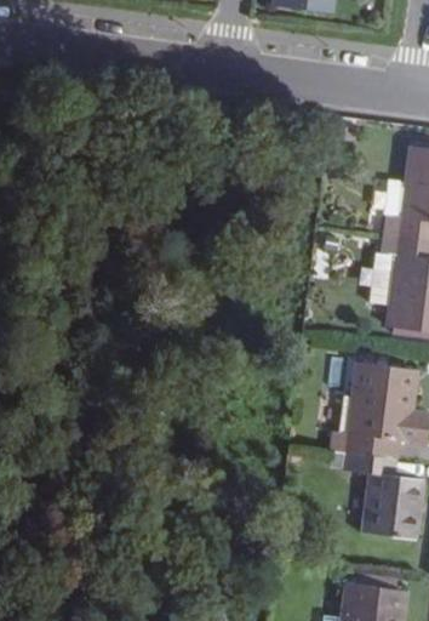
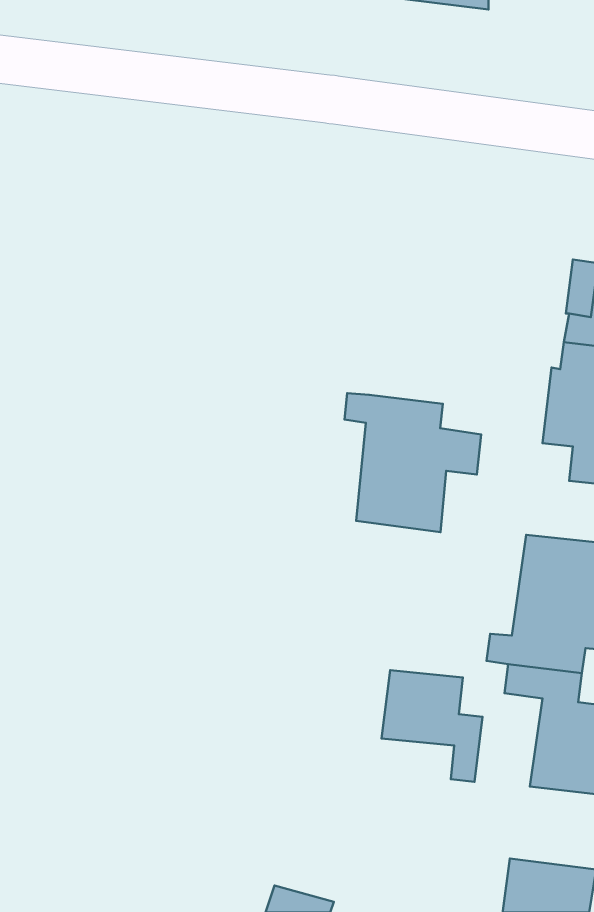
building: none -> [345,393,481,532]
building: none -> [381,670,482,782]

